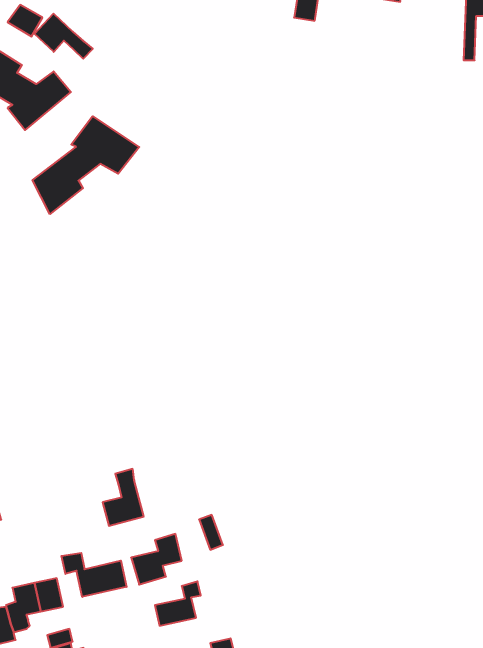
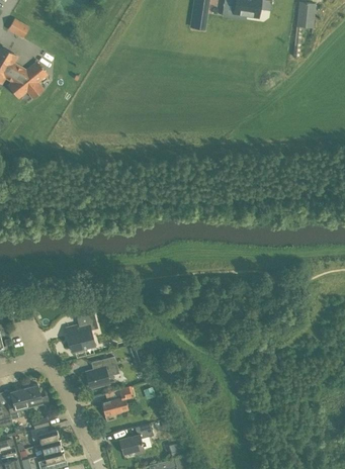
building: [34,14,93,59] -> none
building: [32,116,139,214] -> none
building: [61,553,127,597] -> none

